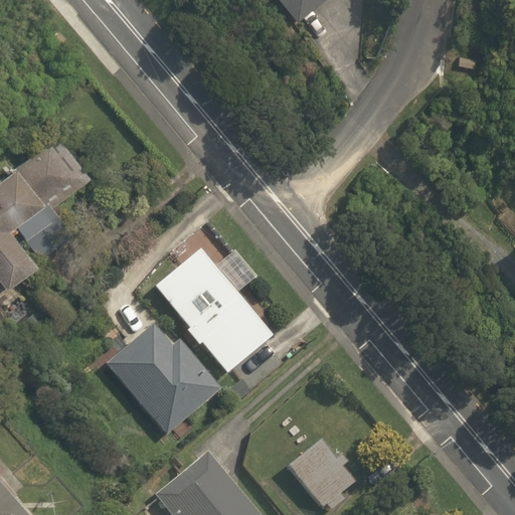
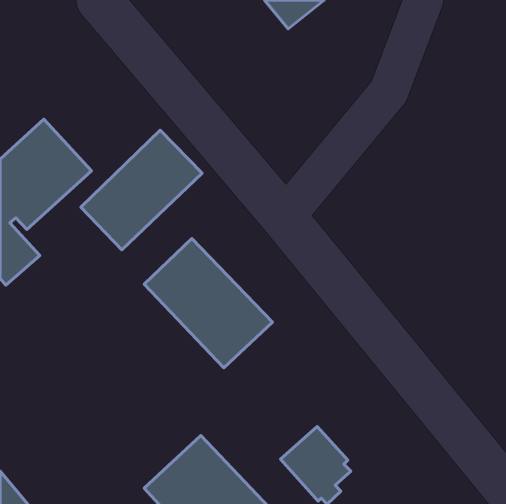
building: none -> [81,130,202,250]
building: [107,327,213,435] -> none

